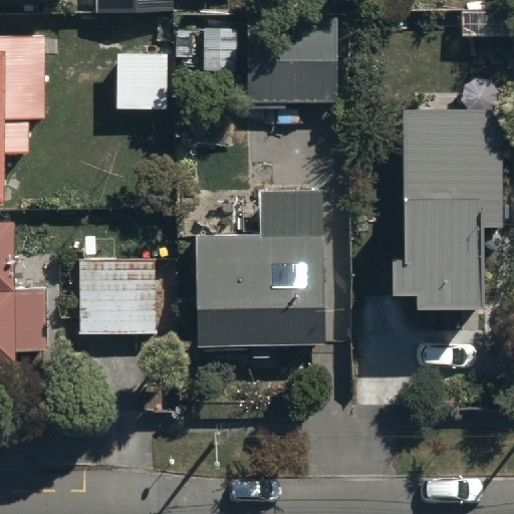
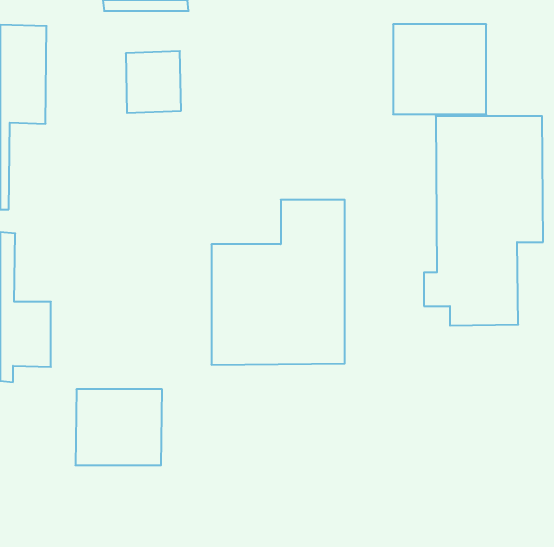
building: [249,18,335,101] -> [393,24,486,114]
building: [77,263,158,333] -> [75,389,162,465]

